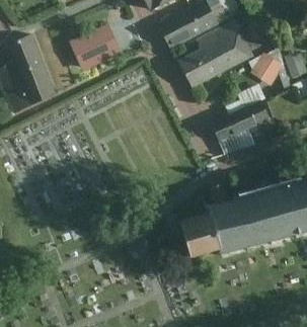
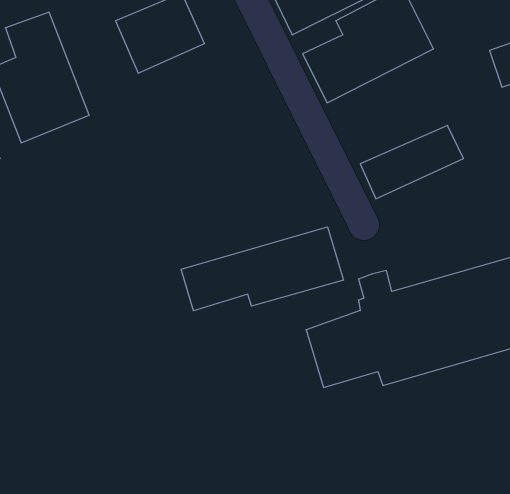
building: [251,54,284,86] -> none
building: none -> [181,227,343,311]

